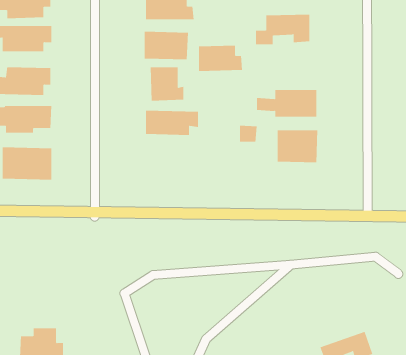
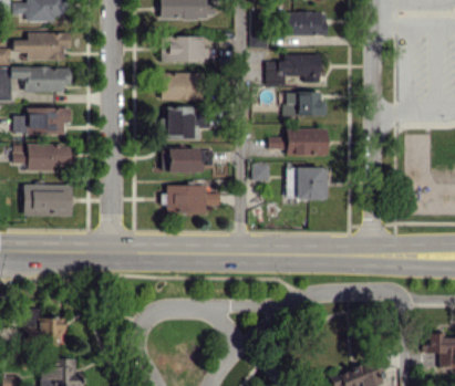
building: [198,45,243,71] -> [285,91,328,116]
building: none -> [166,185,220,212]
building: none -> [35,317,65,344]

